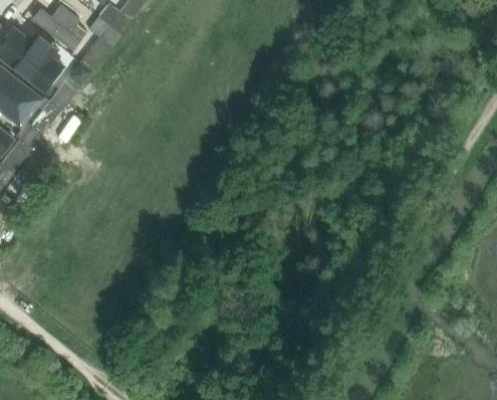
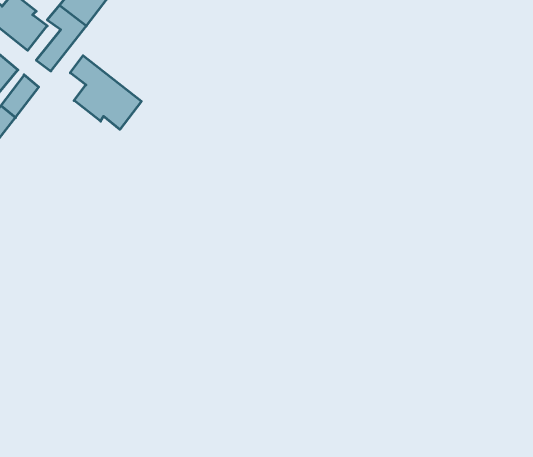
building: none -> [70,56,141,129]

